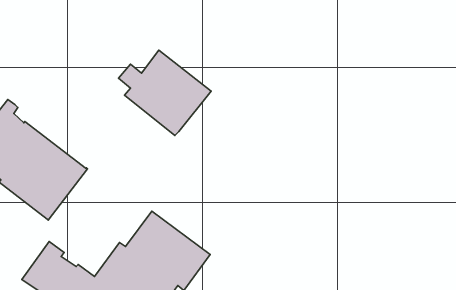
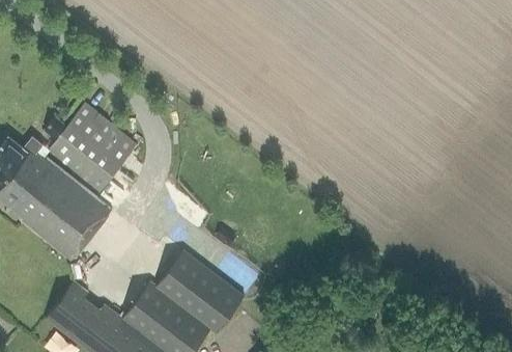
building: [118,50,211,136] -> [44,102,139,190]

